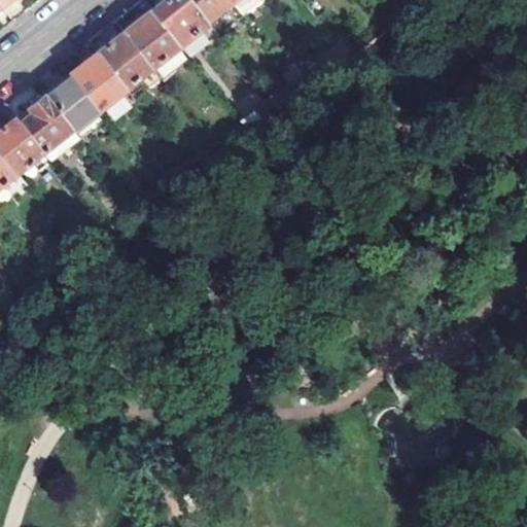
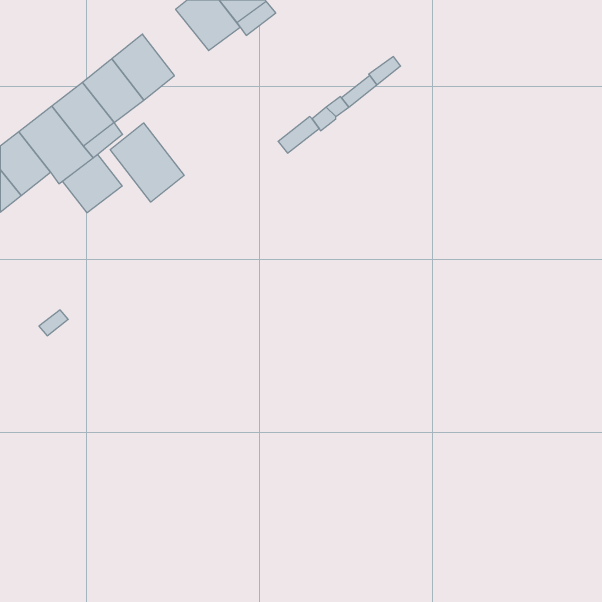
building: [125,8,182,66] -> none
building: none -> [110,123,184,202]
building: none -> [62,155,122,213]

